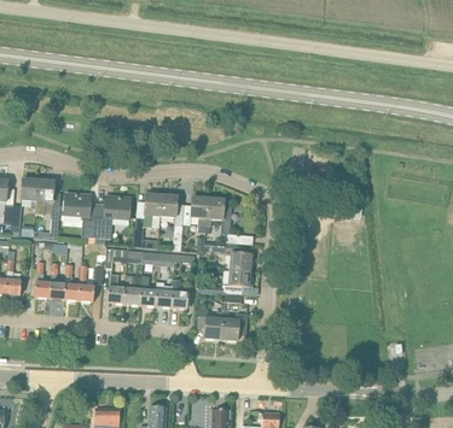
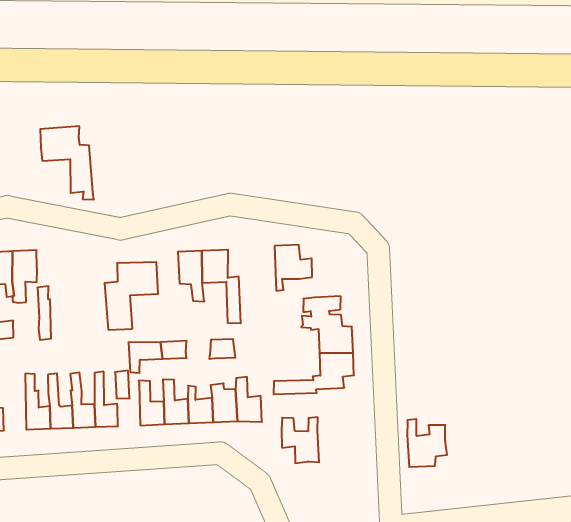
building: [64,193,95,242] -> [40,126,94,200]
building: [182,195,208,225] -> none
building: [220,309,246,340] -> [407,419,447,467]

